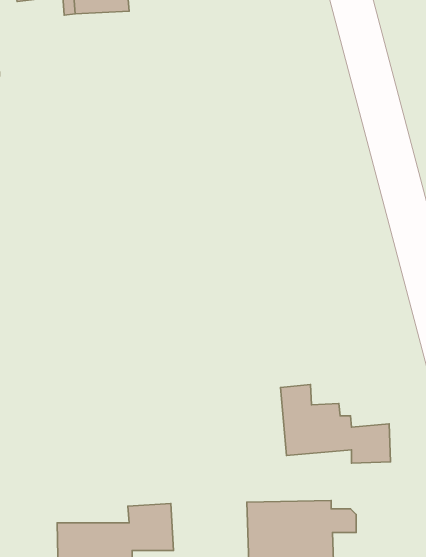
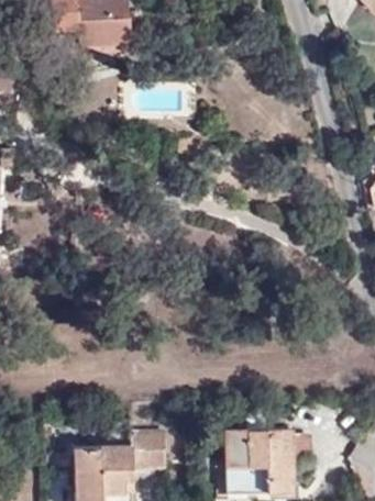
building: [281,385,391,463] -> none

